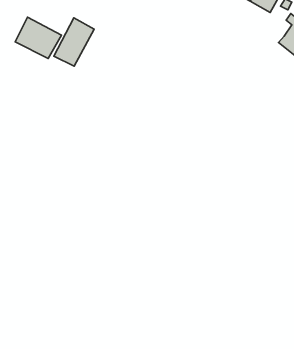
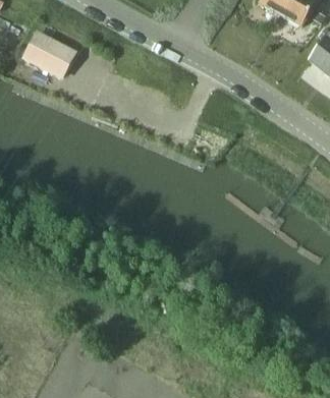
building: [54,18,94,66] -> none

